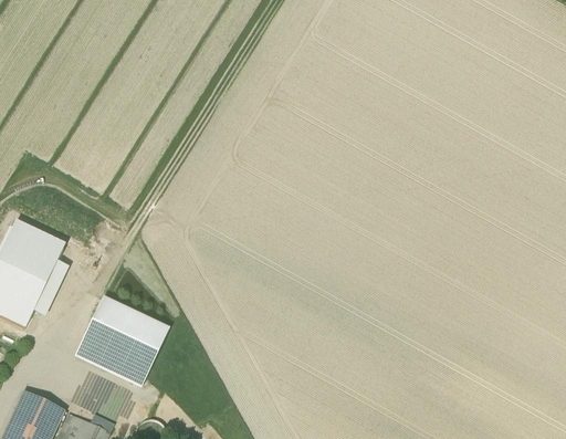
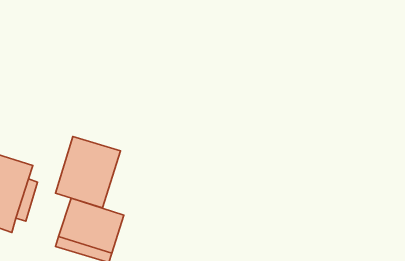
building: none -> [55,137,120,208]

